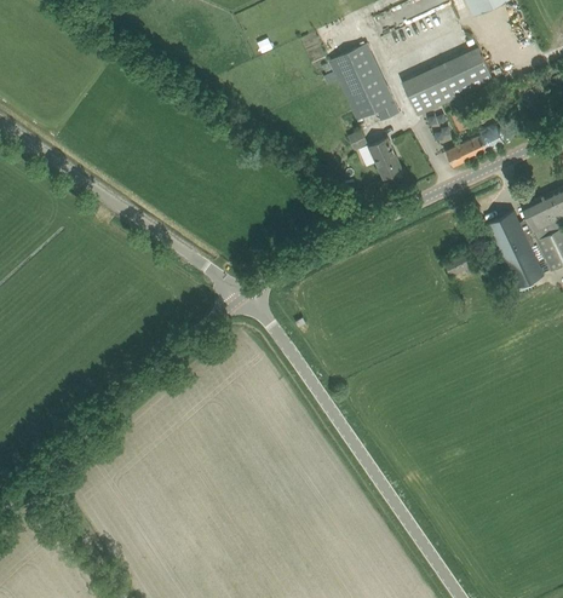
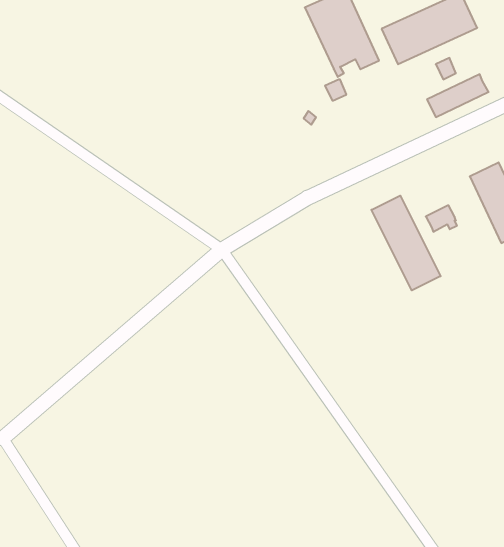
building: [368,137,402,178] -> none
building: none -> [371,196,441,290]

